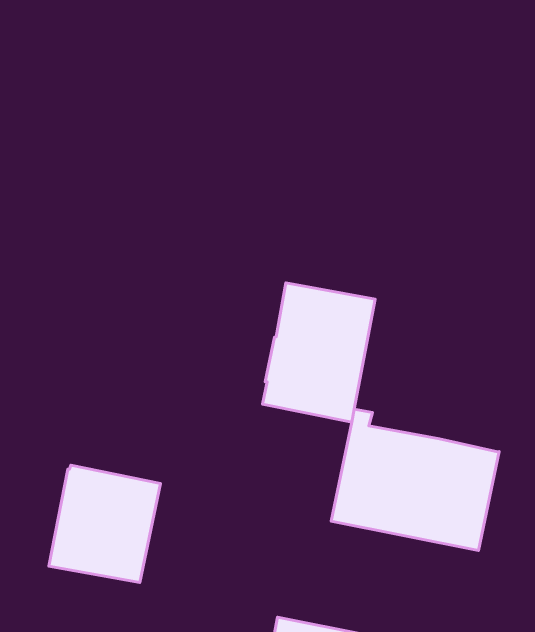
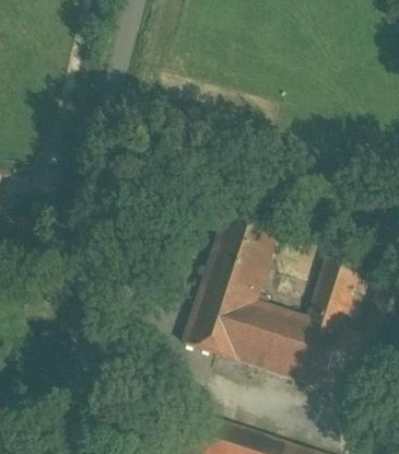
building: none -> [308,245,365,329]
building: [49,465,160,582] -> [184,283,257,359]

